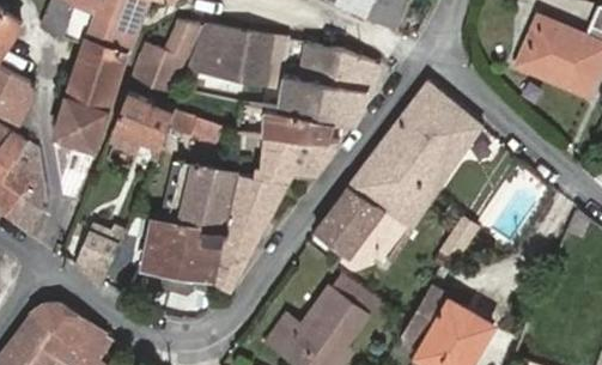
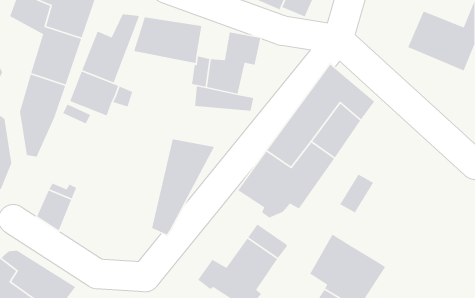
building: [315,51,377,127] -> none
building: [233,132,342,178] -> none
building: [144,158,236,280] -> none

